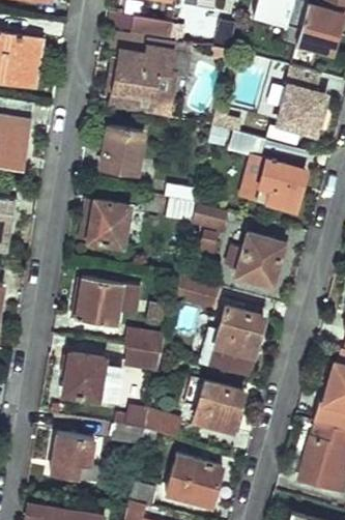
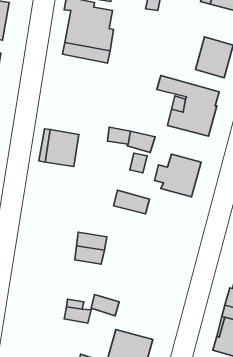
building: [102,127,143,174] -> none
building: [76,278,123,326] -> none
building: [210,308,264,376] -> none
building: [63,353,122,404] -> none
building: [199,381,243,430] -> none
building: [50,434,100,484] -> none

